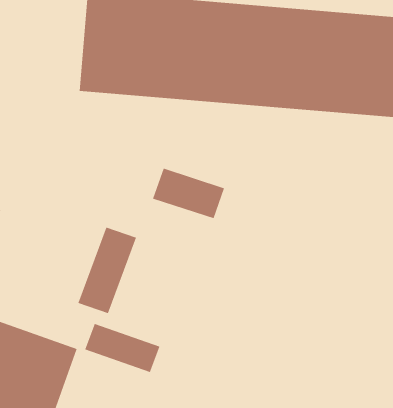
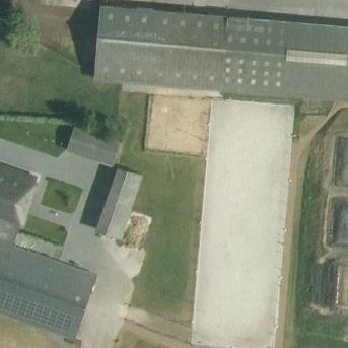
building: [152,168,225,219] -> [65,127,120,165]
building: [85,323,160,373] -> none

